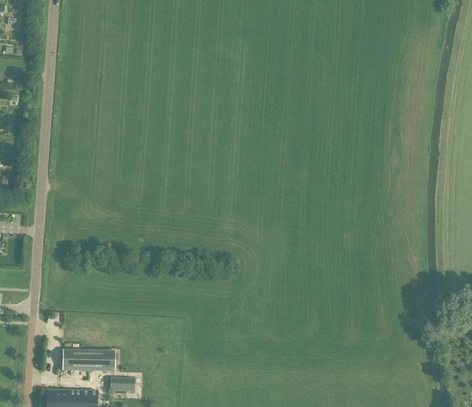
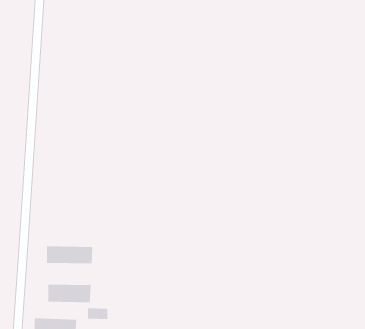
building: none -> [46,246,93,264]

